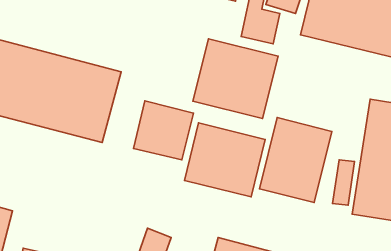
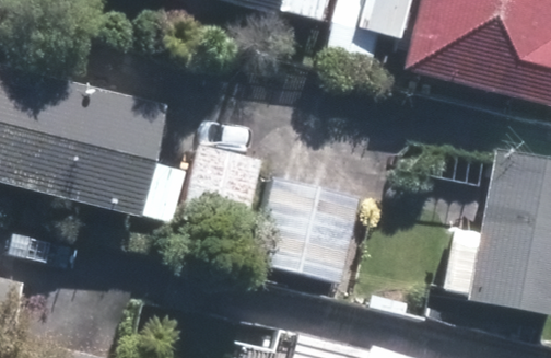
building: [193,39,278,119] -> none
building: [259,118,332,203] -> none

